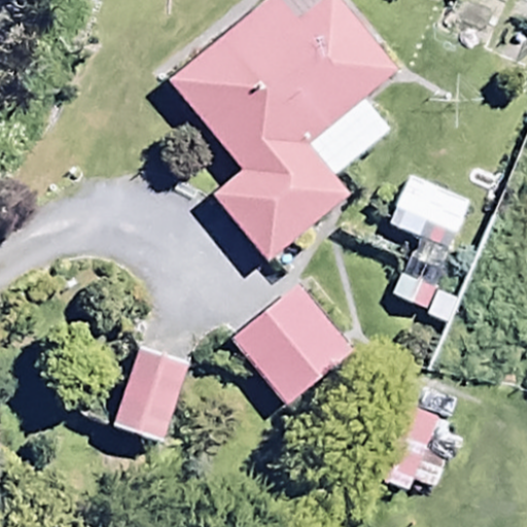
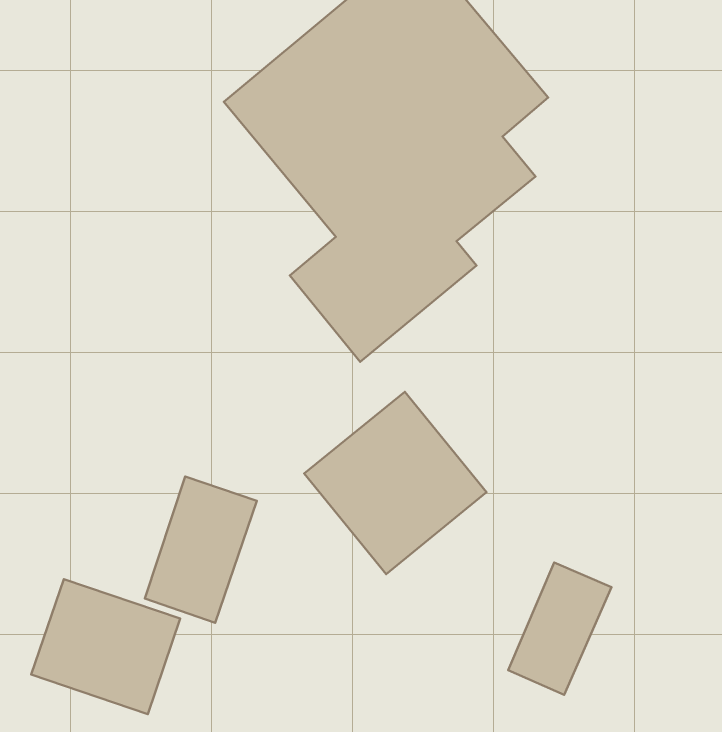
building: [387,176,473,315] -> none
building: none -> [31,579,180,714]

